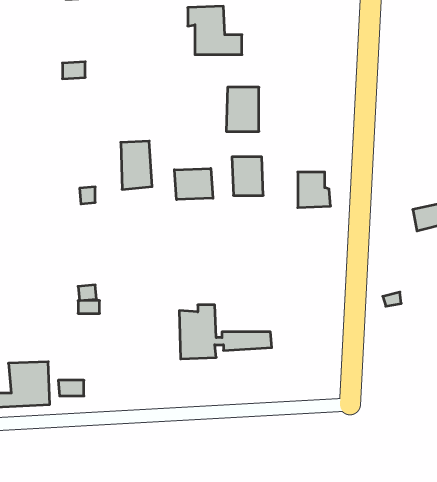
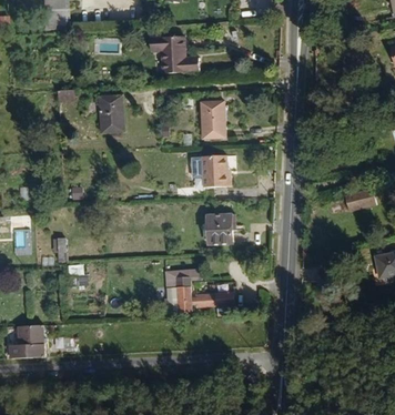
building: [121,141,152,189] -> [97,97,121,134]
building: [174,168,213,200] -> none
building: [298,172,331,208] -> [202,211,227,239]

